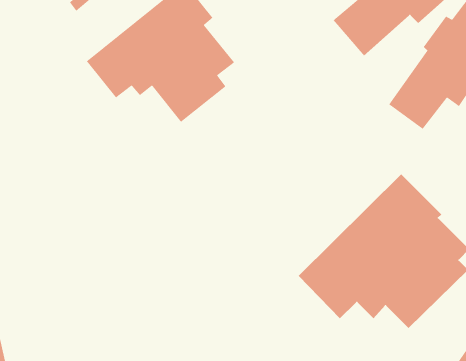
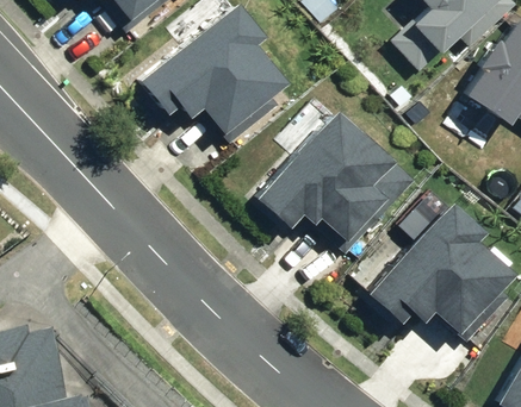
building: none -> [241,104,399,250]

